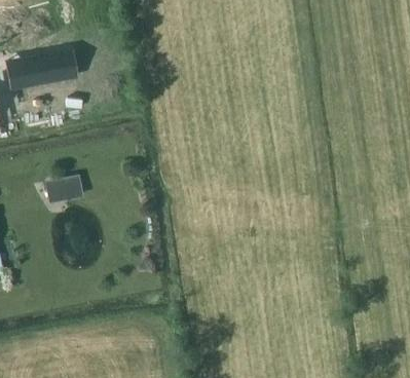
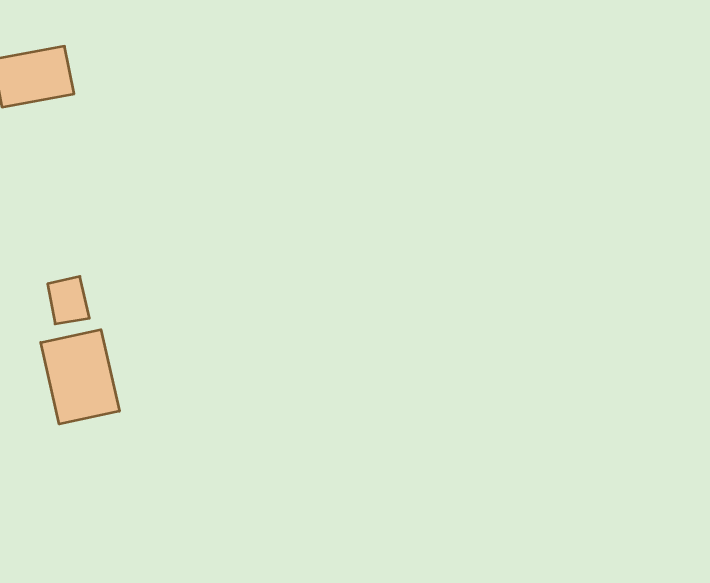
building: none -> [41,330,119,424]

